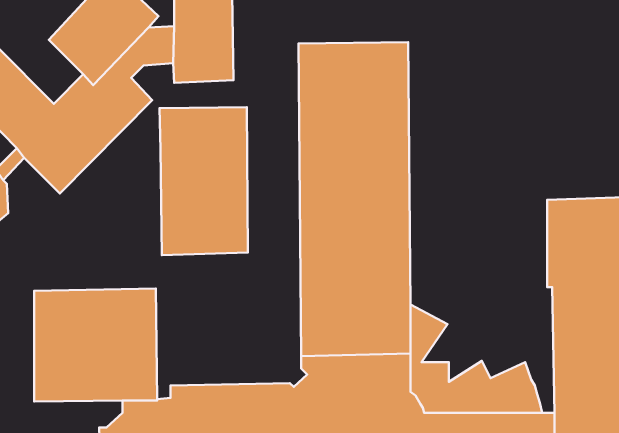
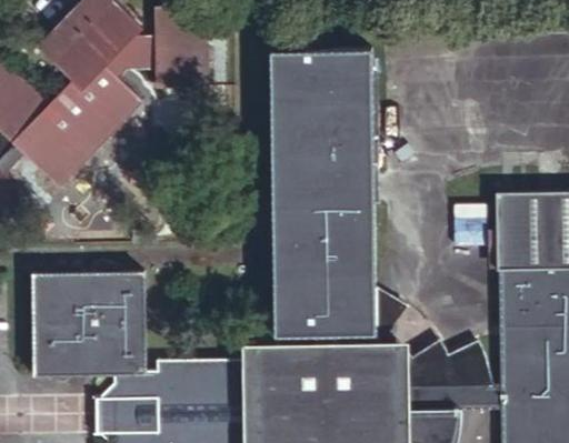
building: [160,107,248,255] -> none

